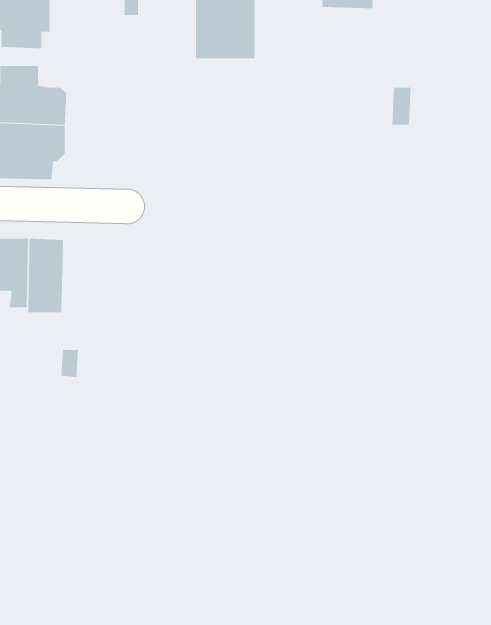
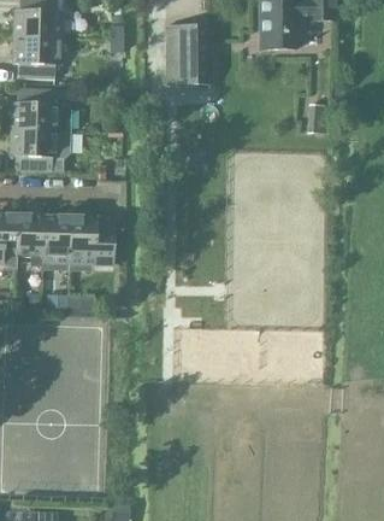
building: none -> [70,216,116,270]

